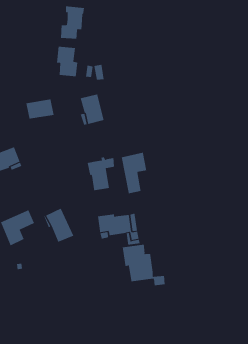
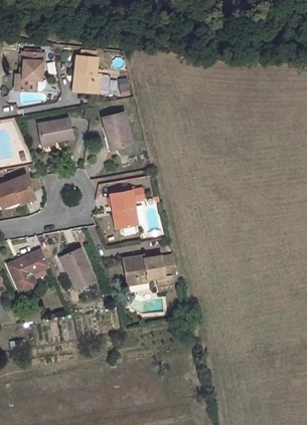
building: [60,6,85,39] -> [15,51,44,90]
building: [121,152,147,194] -> none
building: [122,244,165,286] -> none

